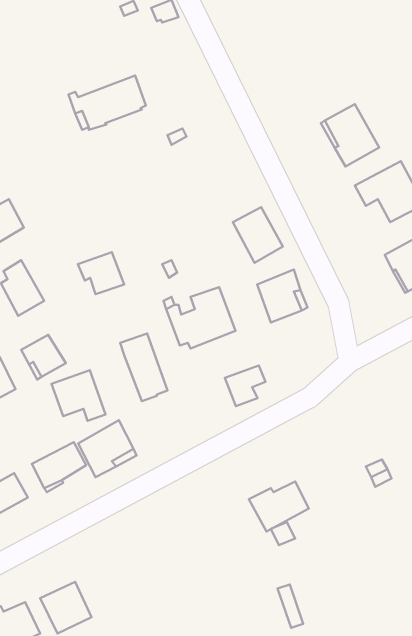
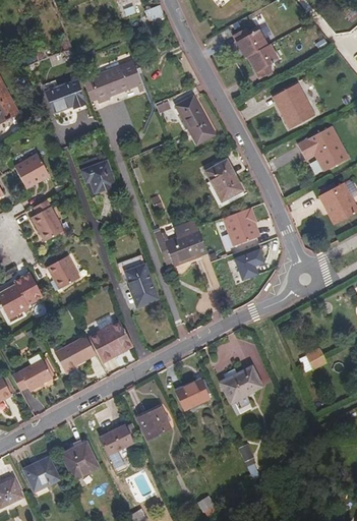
building: none -> [232,27,279,78]
building: none -> [46,79,84,111]
building: none -> [176,98,215,143]
building: [78,252,124,294] -> [81,161,116,192]
building: [225,366,266,406] -> [232,250,262,281]
building: [52,370,105,421] -> none
building: none -> [176,379,210,410]
building: none -> [137,406,171,439]
building: none -> [100,424,133,468]

